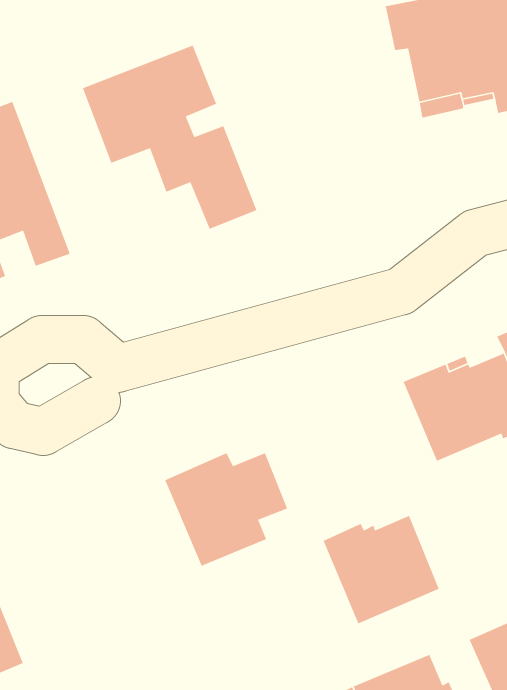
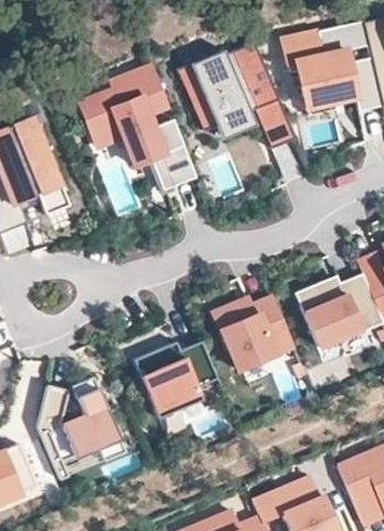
building: none -> [179,42,294,147]
building: none -> [37,375,125,479]
building: [322,515,440,624] -> [213,296,293,370]

